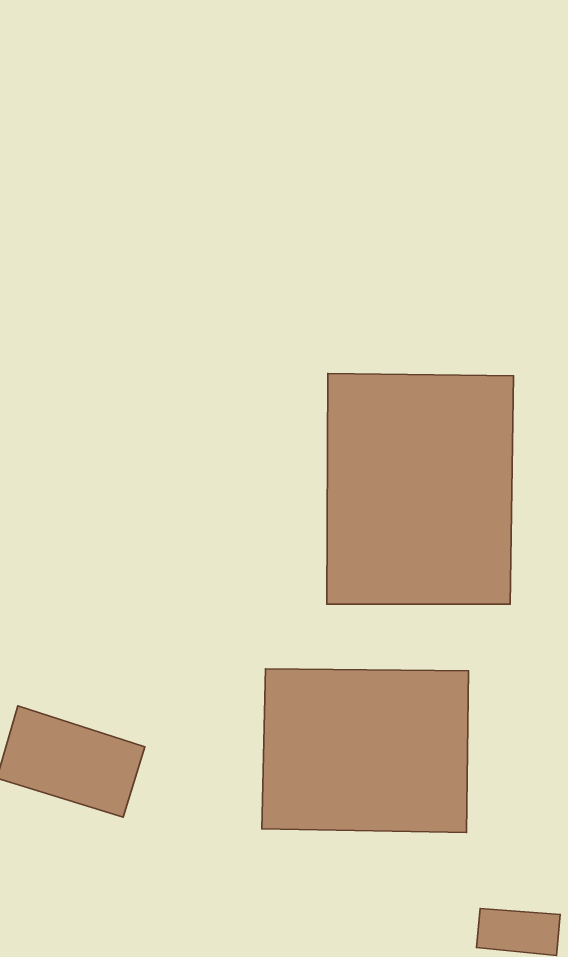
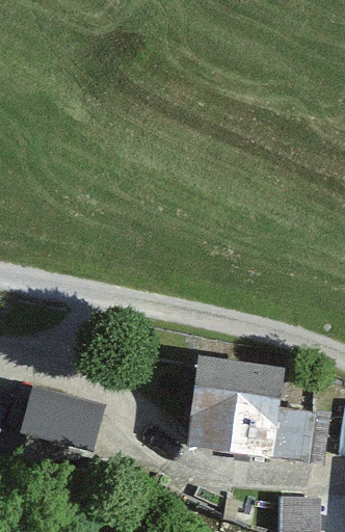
building: [327,373,513,604] -> none

